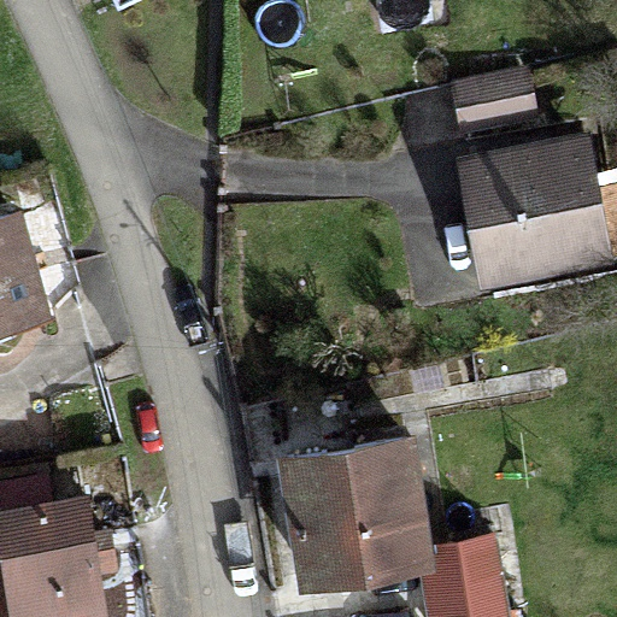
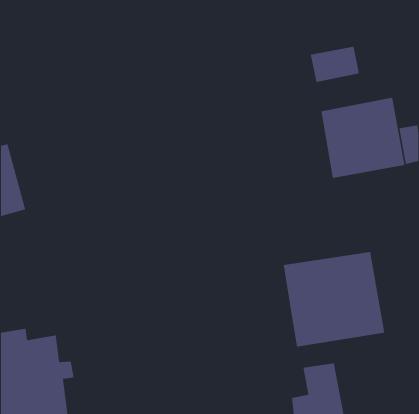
building: none -> [283,251,385,348]
building: [286,442,423,578] -> none

